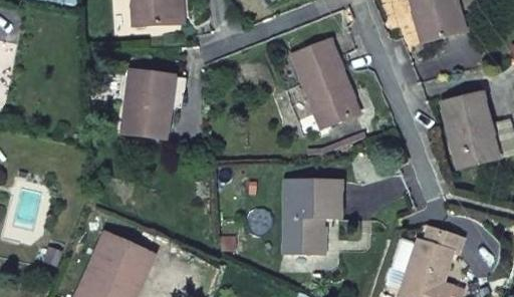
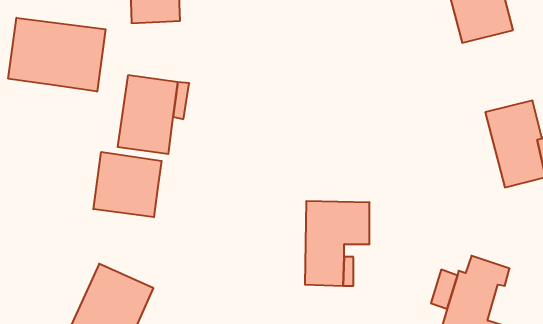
building: none -> [8,18,106,92]
building: [292,38,358,126] -> none
building: none -> [93,152,162,217]

